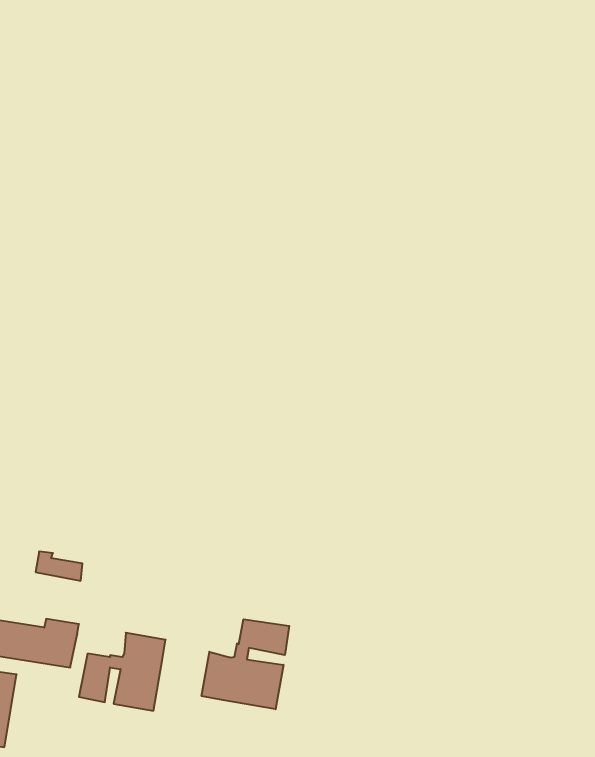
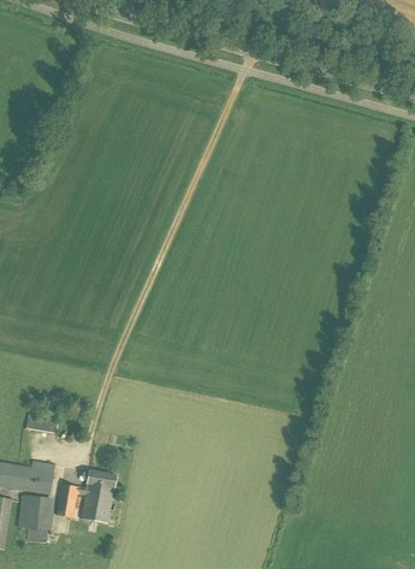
building: [202,619,289,709] -> none
building: none -> [18,493,53,541]

